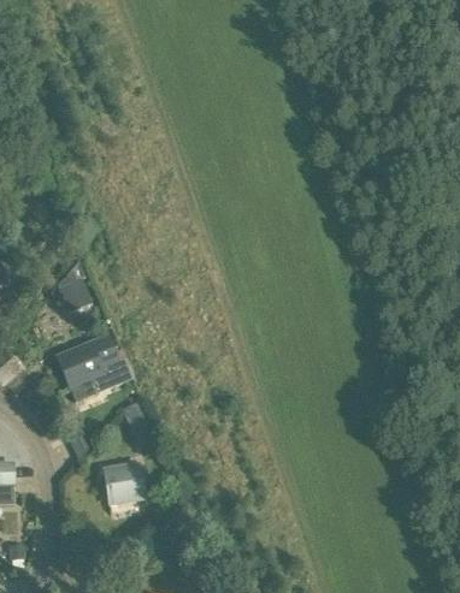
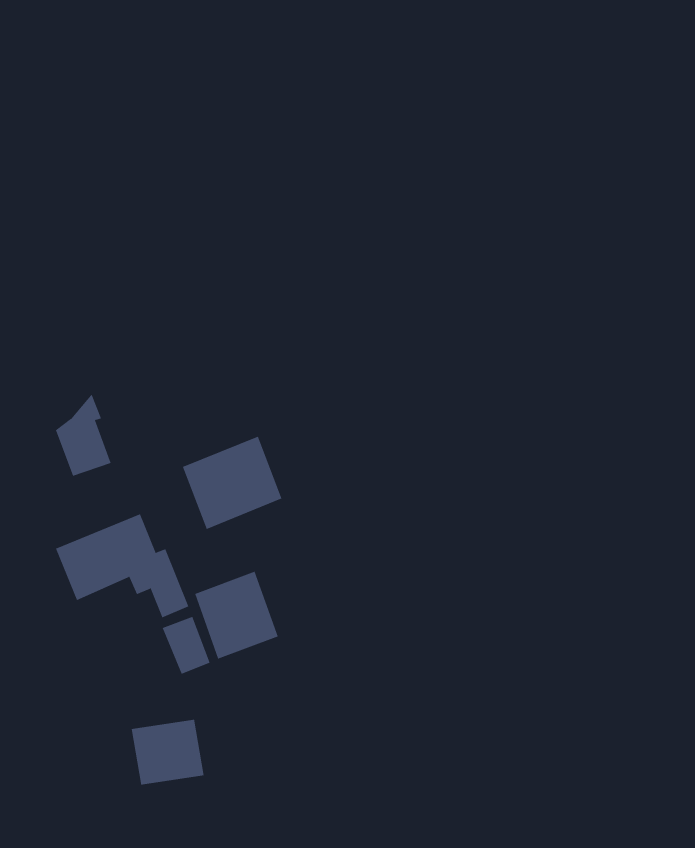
building: none -> [182,436,282,530]
building: none -> [194,571,278,659]

